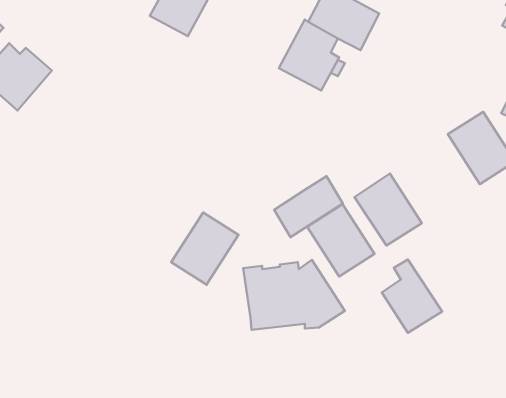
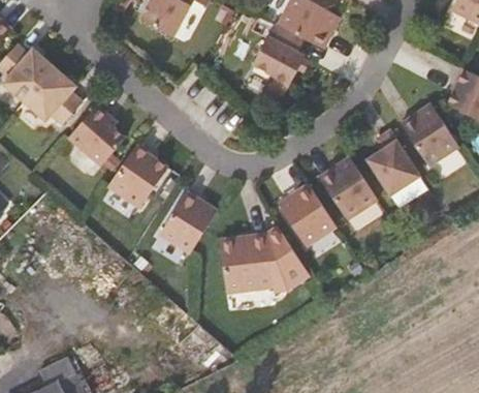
building: none -> [24,66,82,124]
building: none -> [67,104,125,165]
building: none -> [107,142,167,208]
building: [274,176,343,237] -> none
building: [382,259,442,333] -> [366,130,419,194]

